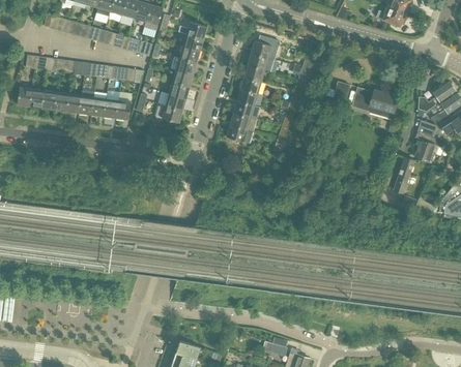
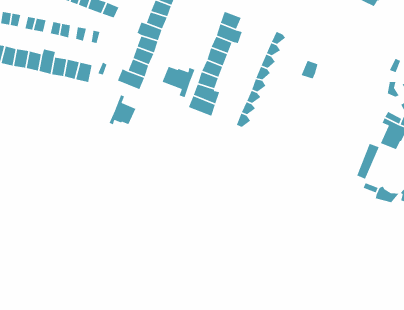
building: [352,87,399,119] -> none
building: none -> [161,66,196,98]
building: none -> [109,94,136,125]

